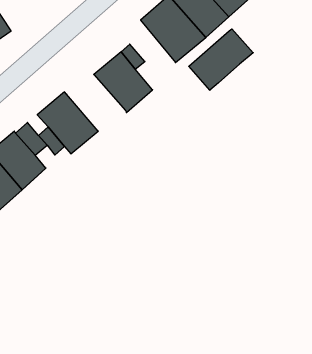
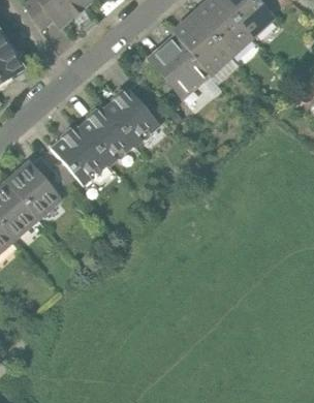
building: [189,29,253,90] -> none
building: none -> [78,106,134,163]

